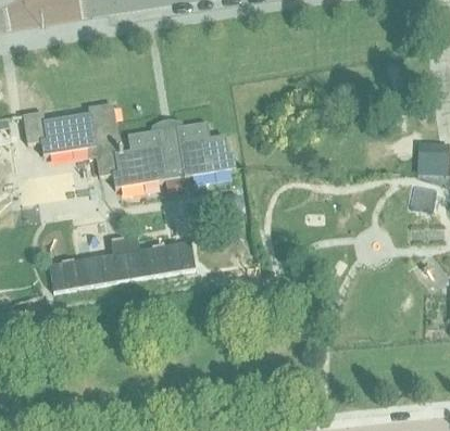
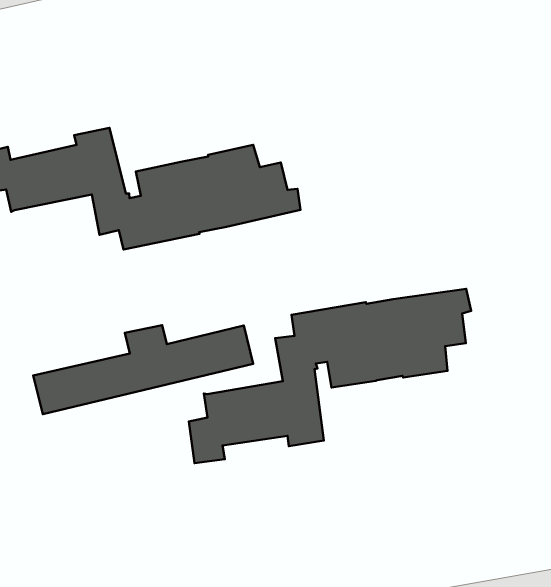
building: none -> [189,289,471,463]

